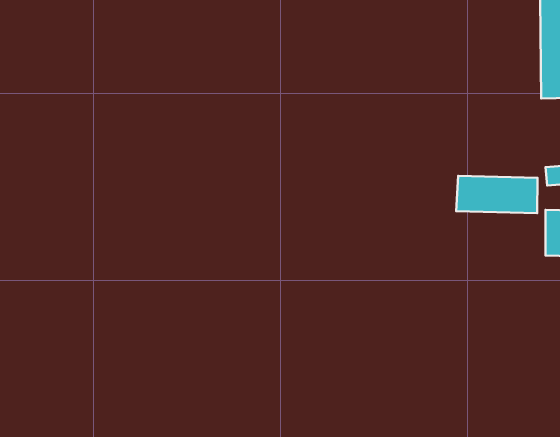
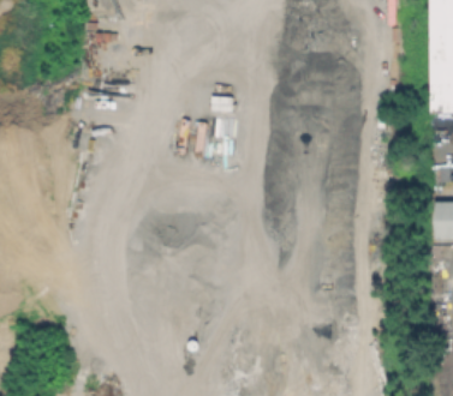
building: [456,176,537,213] -> none

